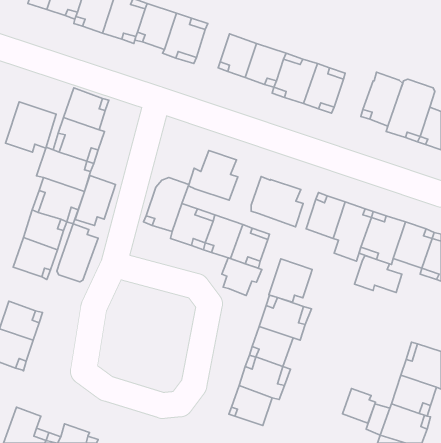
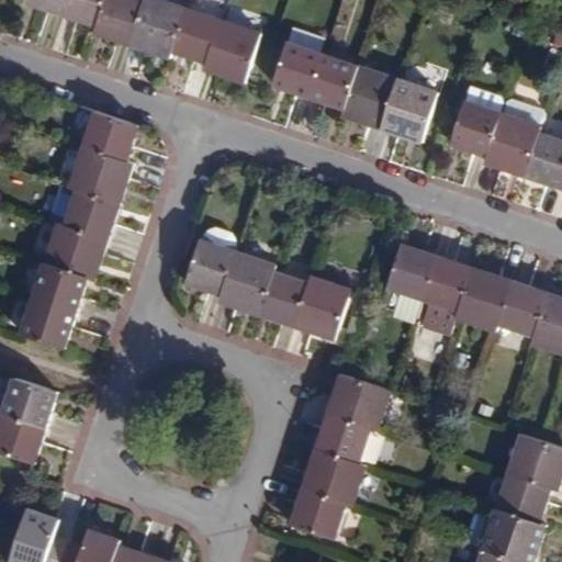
building: [5,102,56,152] -> none
building: [188,150,238,200] -> none
building: [75,176,116,225] -> none
building: [251,177,303,227] -> none
building: [57,224,98,282] -> none
building: [355,256,402,292] -> none
building: [222,258,262,295] -> none
building: [269,259,312,302] -> none
building: [343,389,376,423] -> none

